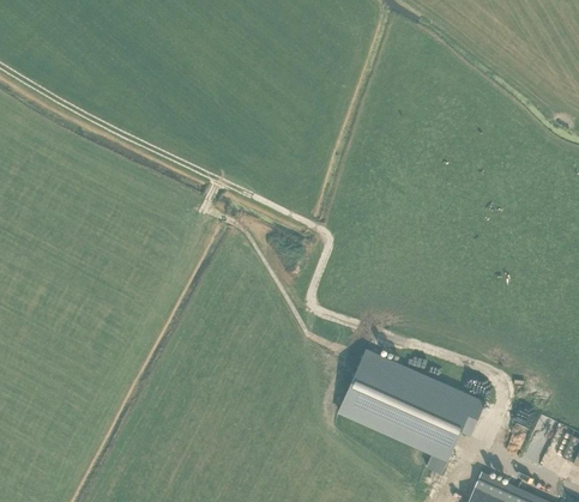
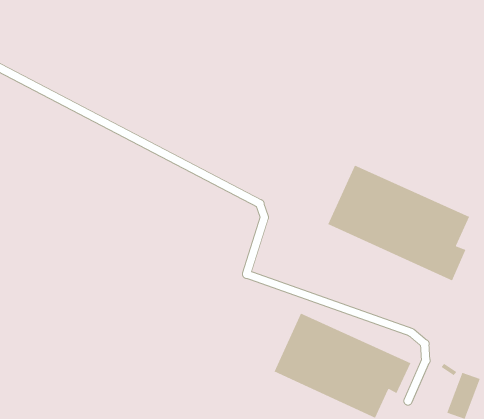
building: none -> [327,165,470,281]

